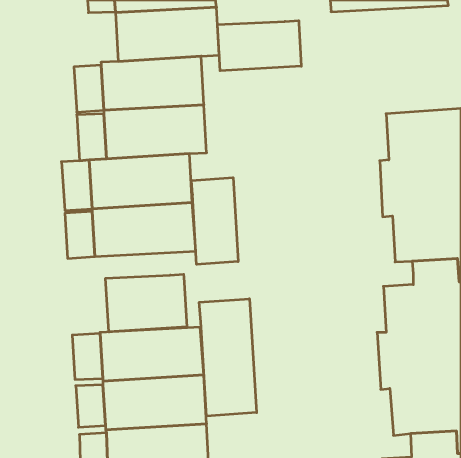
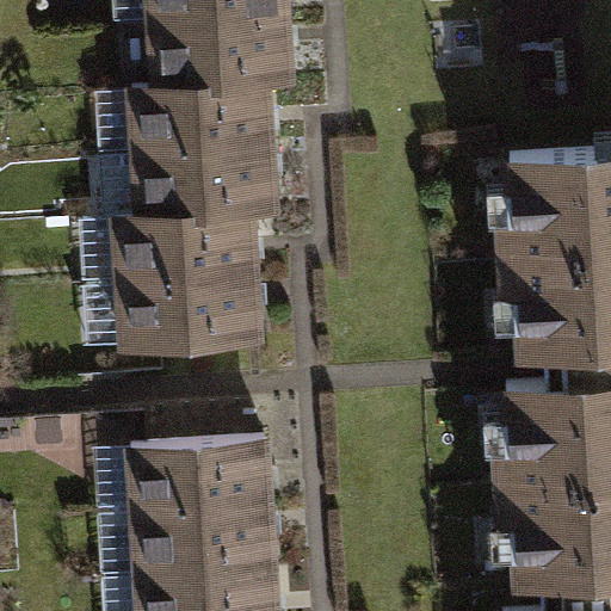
building: [218,21,301,71] -> none
building: [192,178,238,264] -> none
building: [106,274,187,332] -> none
building: [199,299,257,416] -> none

